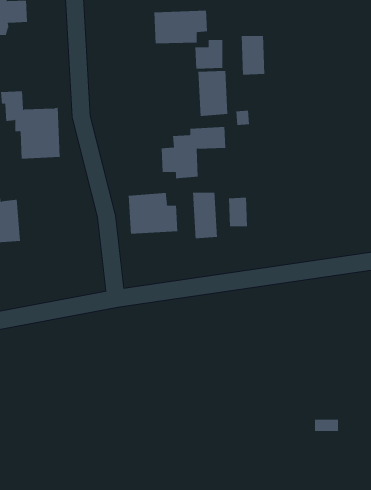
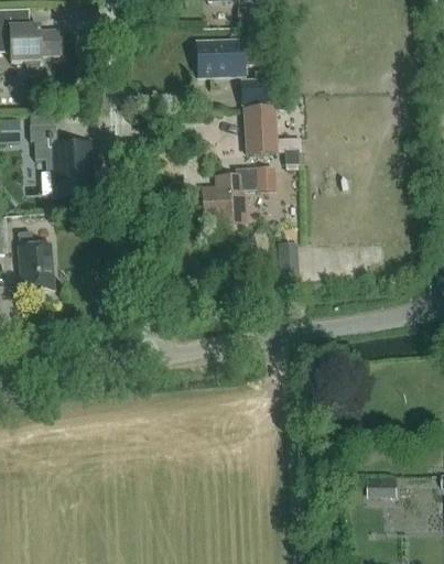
building: [241,35,265,76] -> none
building: [193,192,217,239] -> none
building: [128,192,178,235] -> none

